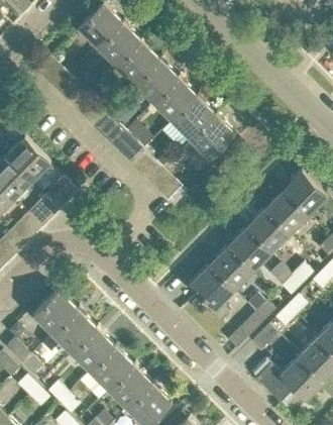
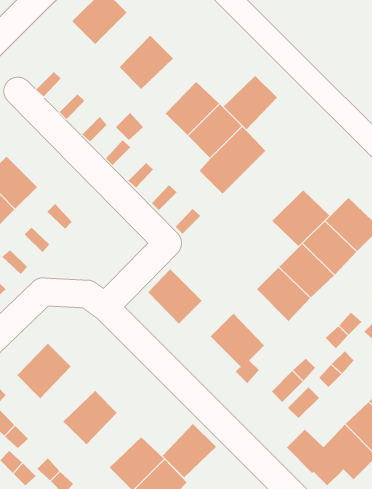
building: [96,22,140,67] -> none
building: [133,60,178,104] -> [223,75,278,130]
building: none -> [272,189,330,247]
building: [208,246,252,292] -> [148,269,203,325]
building: [51,309,96,353] -> none
building: [89,346,133,391] -> [162,423,217,478]

